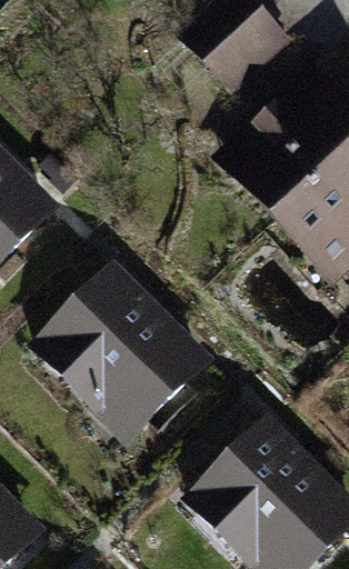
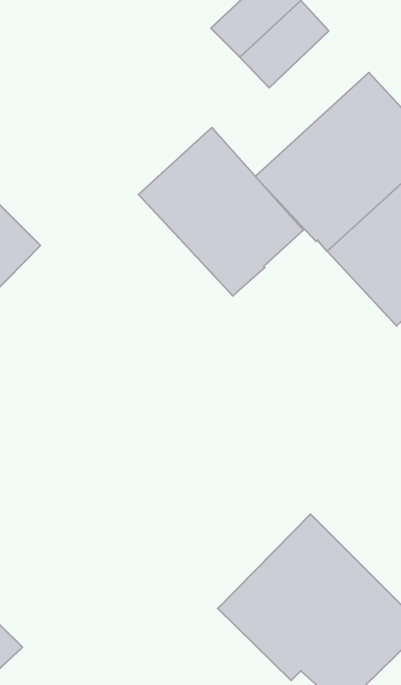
building: none -> [139,128,303,296]
building: [38,273,203,431] -> none

